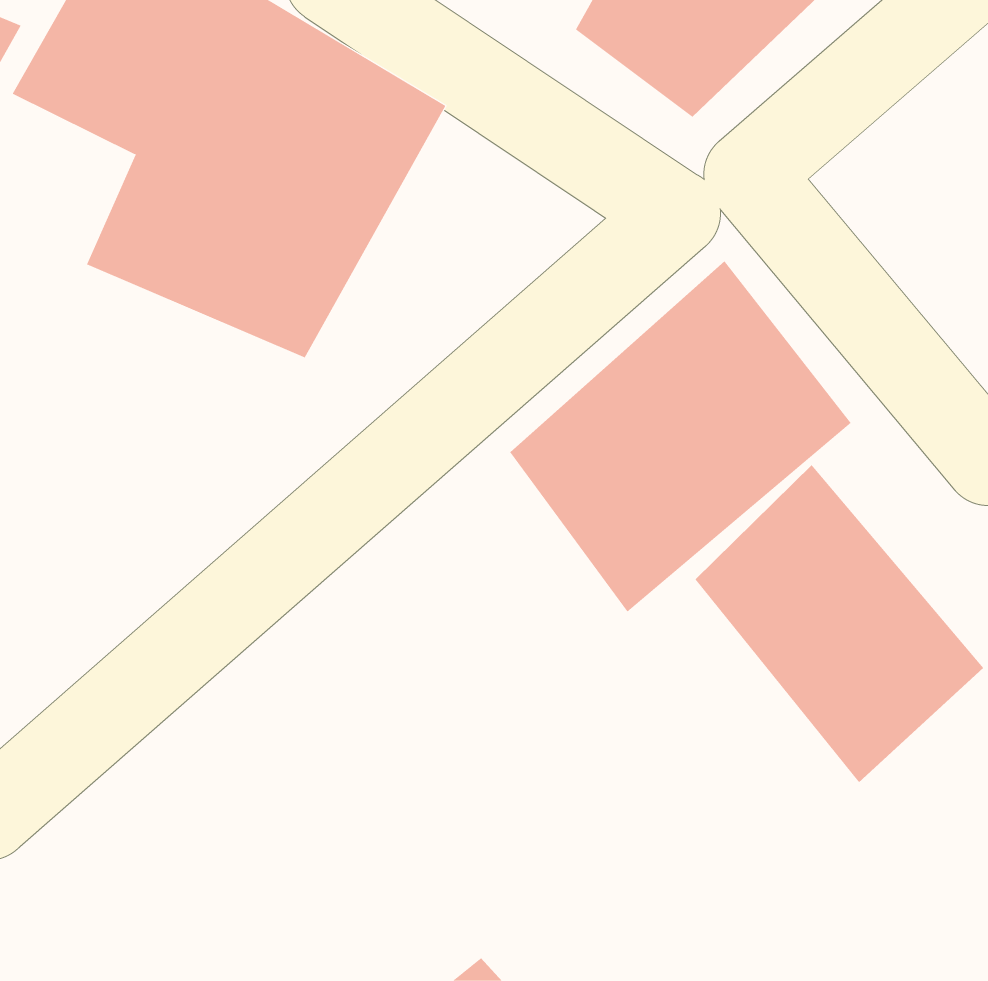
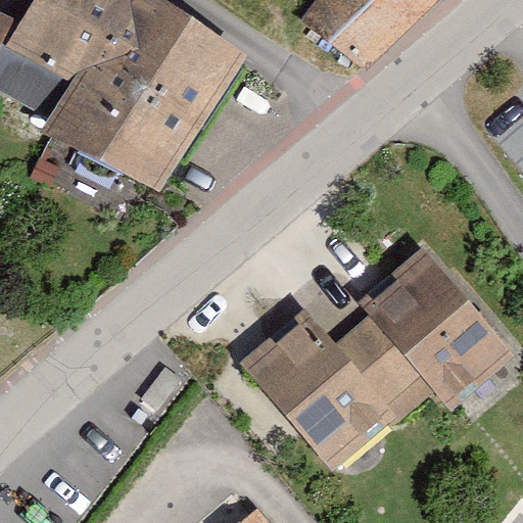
building: [510,261,851,613] -> none
building: none -> [238,307,412,467]

